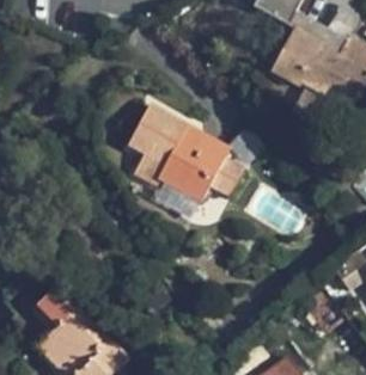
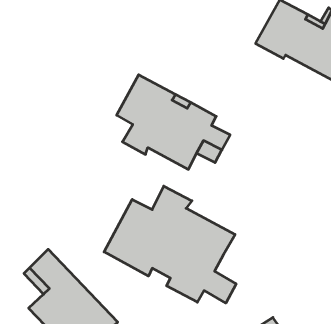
building: none -> [104,186,236,303]

